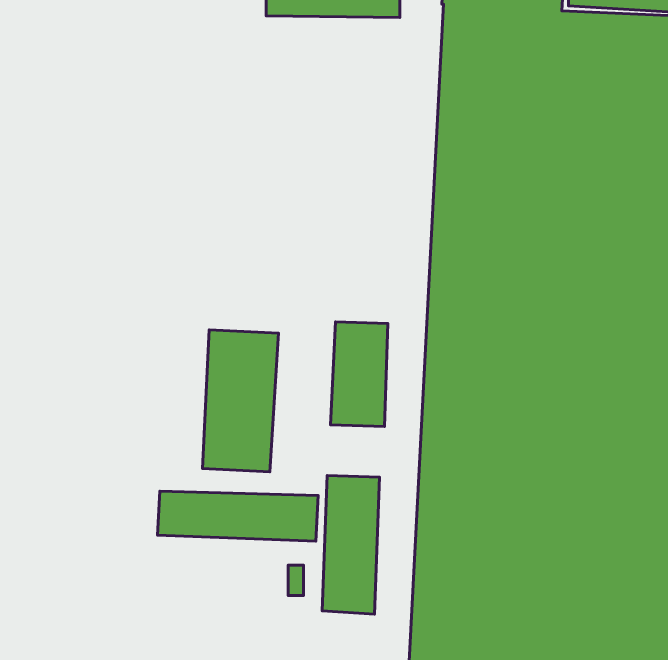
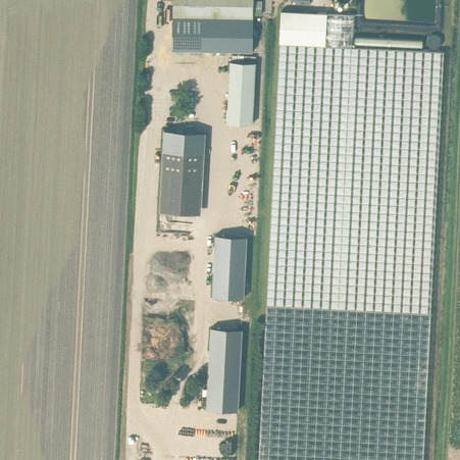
building: none -> [231,61,257,123]
building: [202,330,278,472] -> [160,132,206,217]
building: [157,491,318,541] -> none

